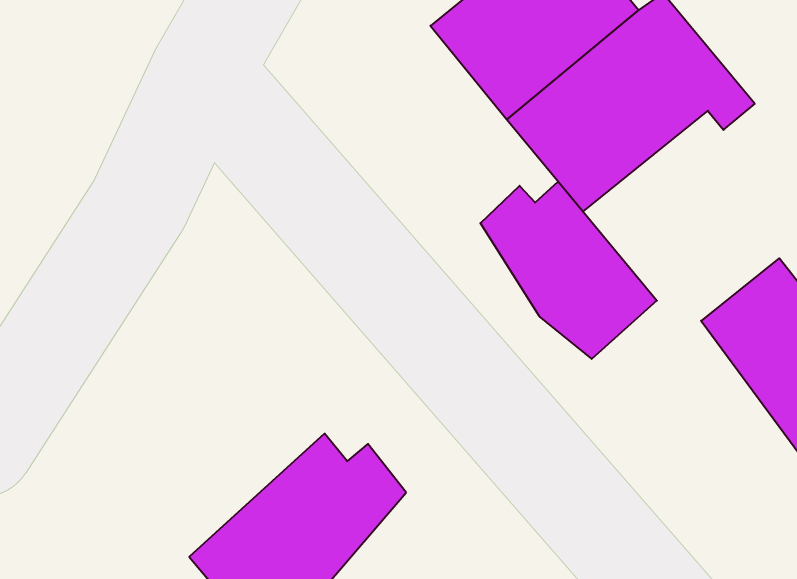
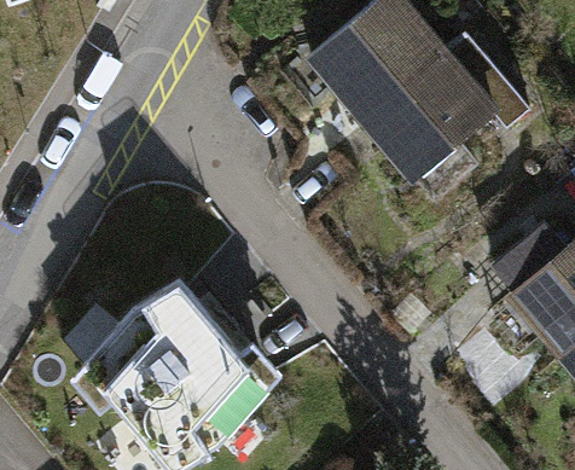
building: [480,181,657,359] -> none
building: none -> [76,288,228,425]

